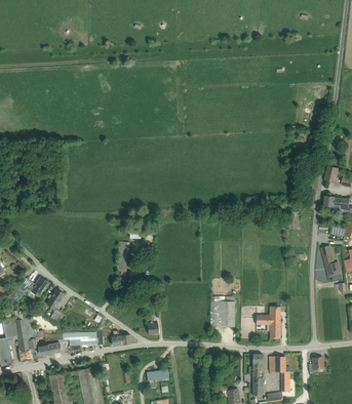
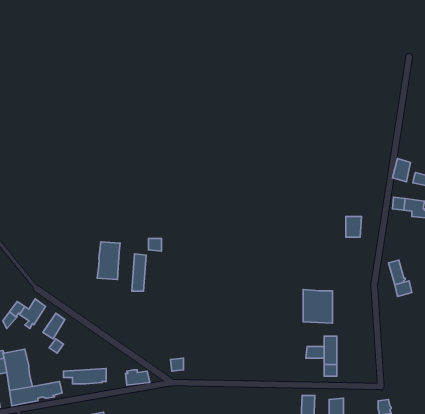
building: none -> [97,242,120,279]
building: [210,300,234,327] -> [303,290,333,323]

